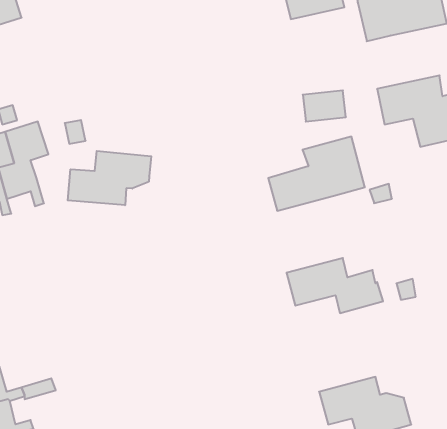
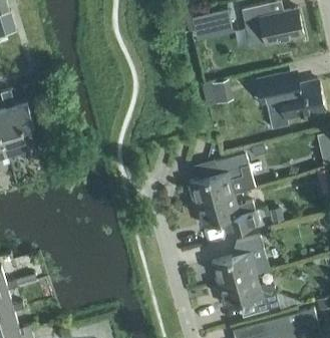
building: [268,137,365,211] -> [189,154,254,205]
building: [68,151,151,205] -> none
building: none -> [211,237,269,285]

